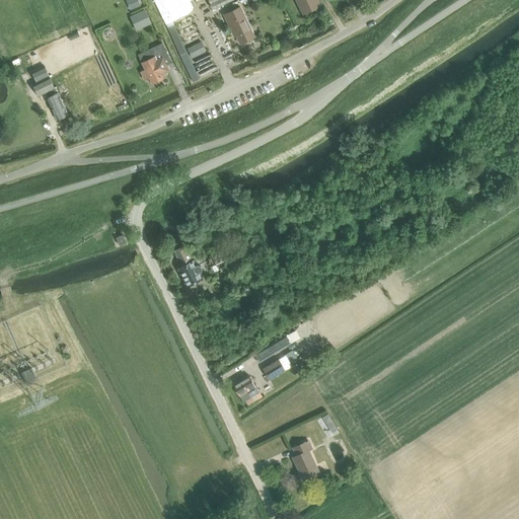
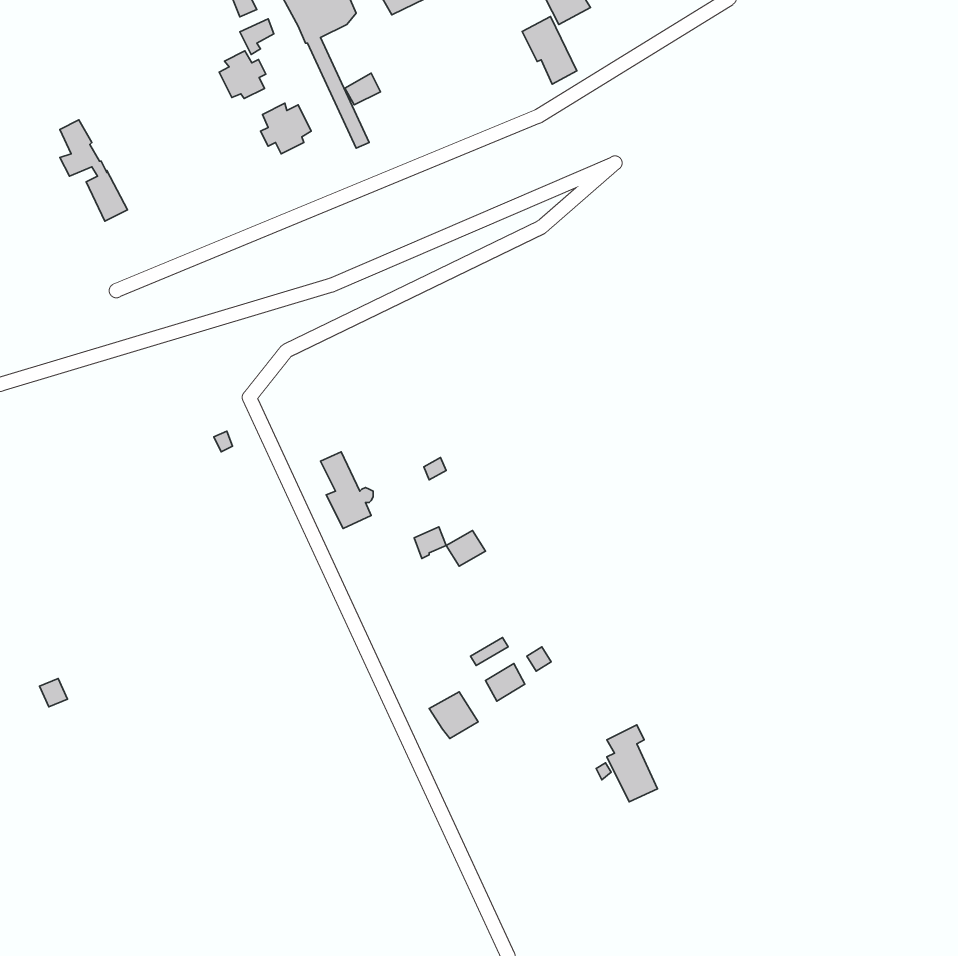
building: [223,6,252,43] -> [522,17,577,84]
building: none -> [219,51,266,99]
building: [292,439,319,480] -> [607,725,657,802]

